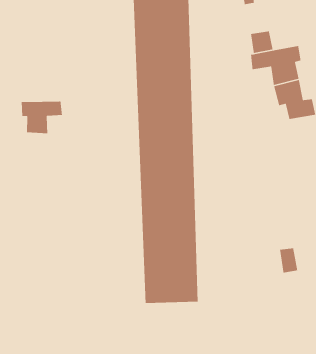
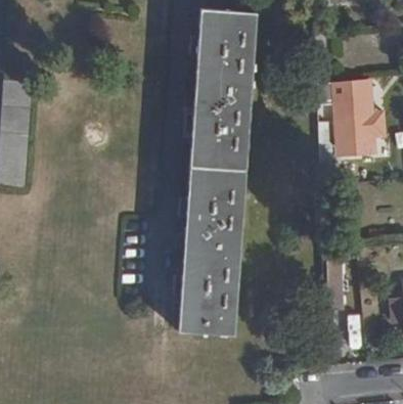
building: [21,101,63,134] -> none

